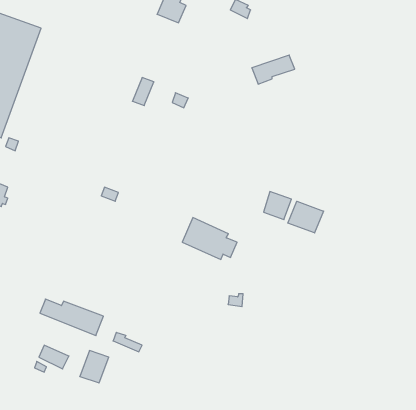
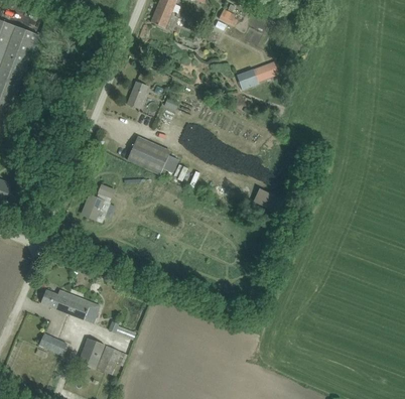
building: none -> [81,195,107,222]
building: [288,201,324,233] -> none
building: [182,218,237,259] -> [126,136,177,175]
building: none -> [96,345,127,373]

